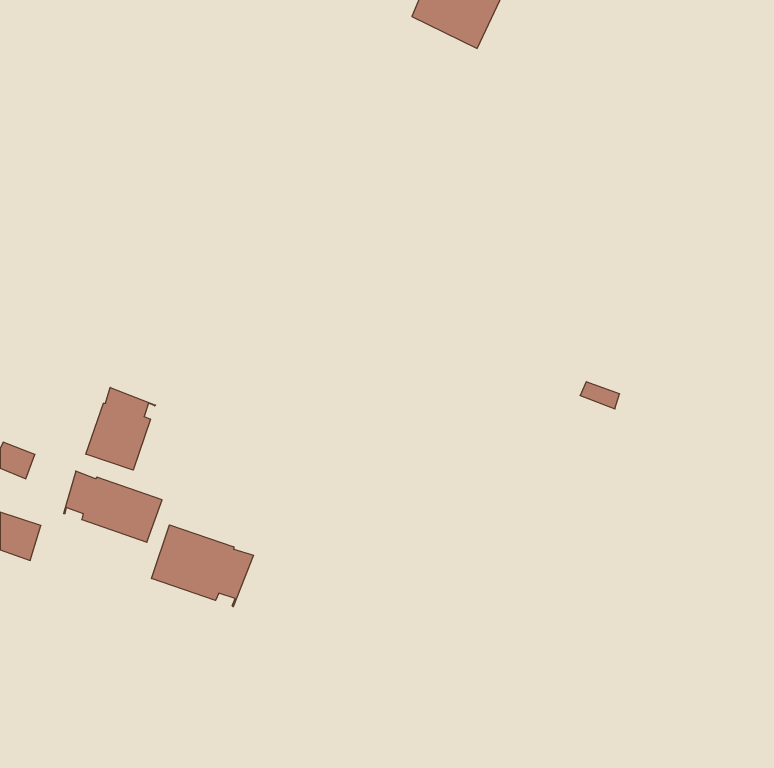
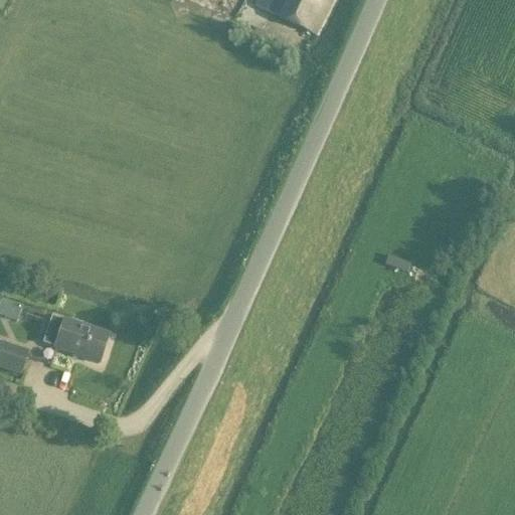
building: [86,387,156,470] -> none
building: [152,525,254,607] -> none

